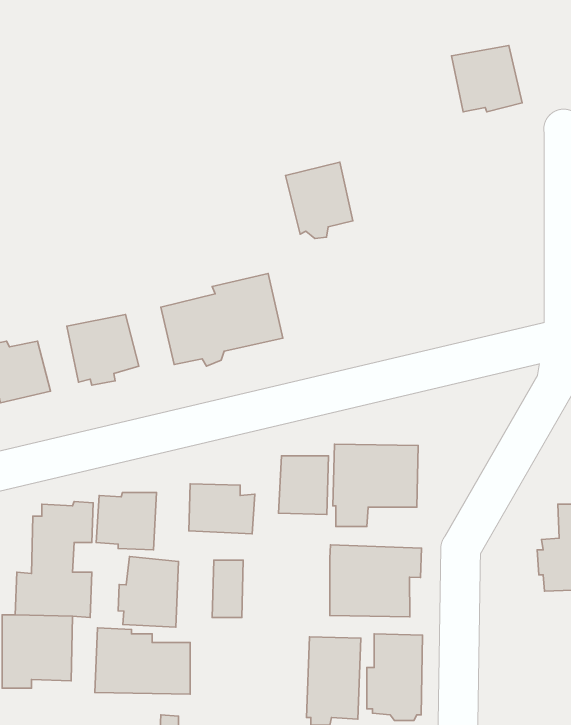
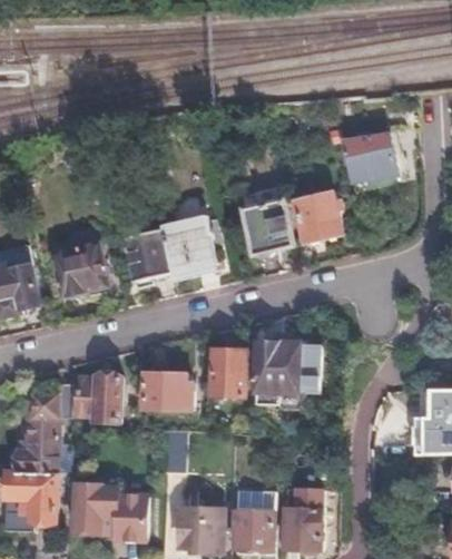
building: [451,46,522,112] -> [345,129,399,179]
building: [285,162,353,239] -> [242,199,293,257]
building: none -> [295,190,342,241]
building: [330,545,421,617] -> none
building: [118,557,179,627] -> none
building: none -> [177,506,224,550]

